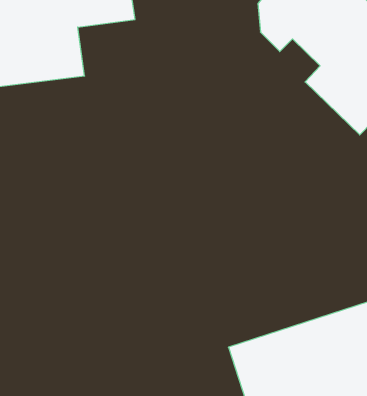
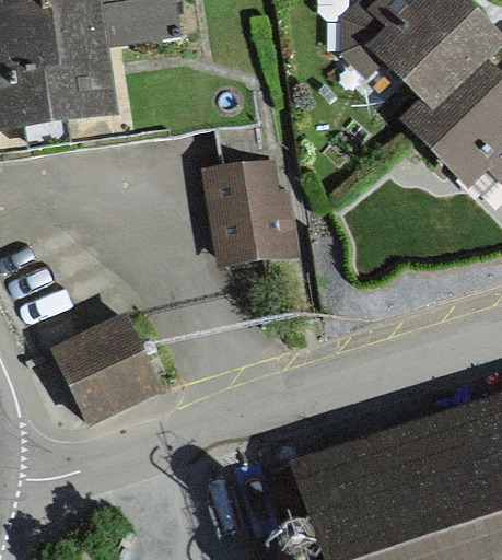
building: none -> [201,156,301,268]
building: none -> [49,311,164,425]

